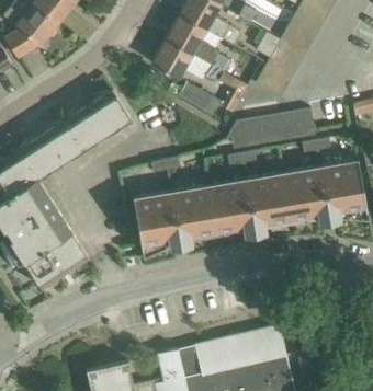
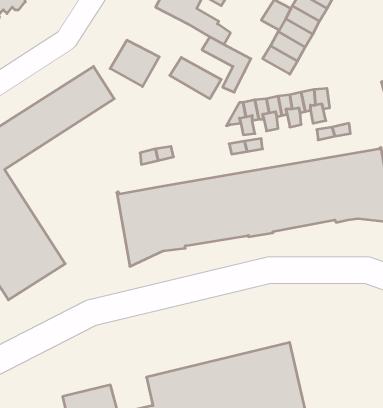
building: [151,39,193,79] -> [110,40,159,87]

